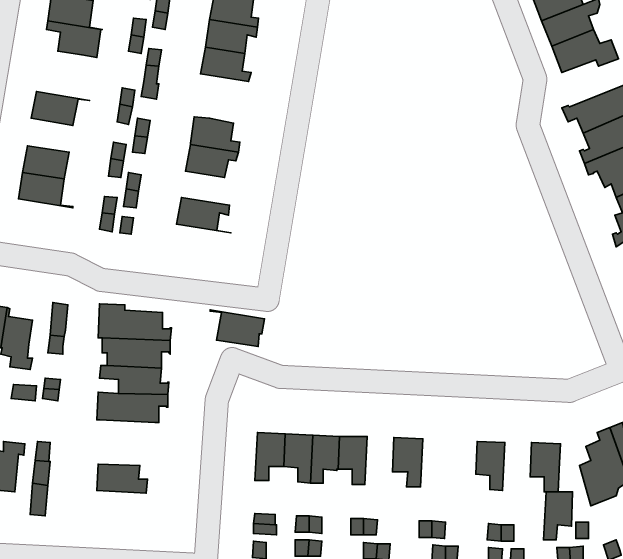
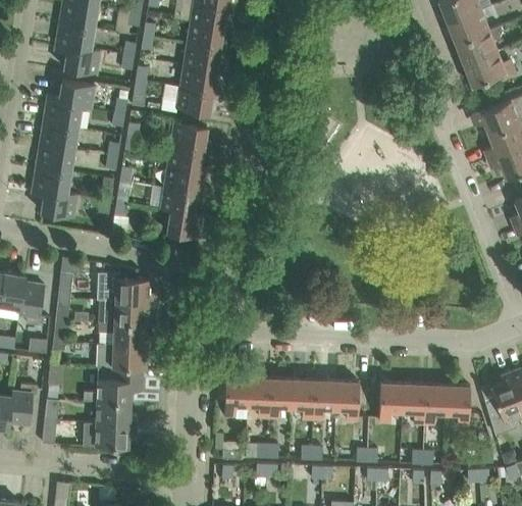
building: none -> [47,81,94,108]
building: none -> [176,87,218,114]
building: none -> [40,122,76,150]
building: none -> [164,165,204,193]
building: none -> [32,188,76,217]
building: [210,310,264,347] -> [160,208,204,238]
building: none -> [84,366,143,403]
building: none -> [312,380,335,419]
building: none -> [378,383,403,421]
building: none -> [83,423,136,447]
building: [544,492,573,540] -> [423,385,447,423]

